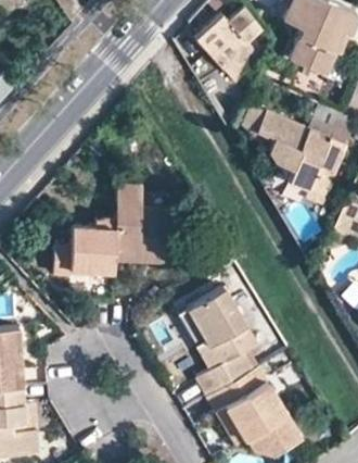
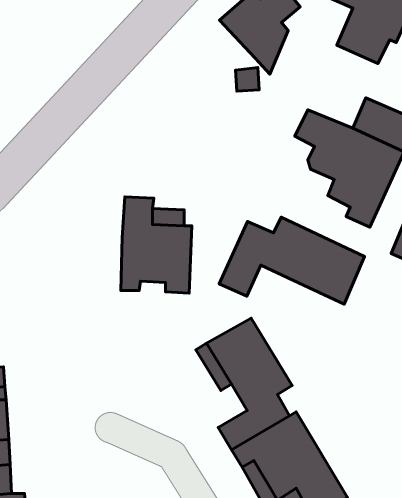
building: none -> [219,217,365,304]
building: [52,217,114,273] -> none

